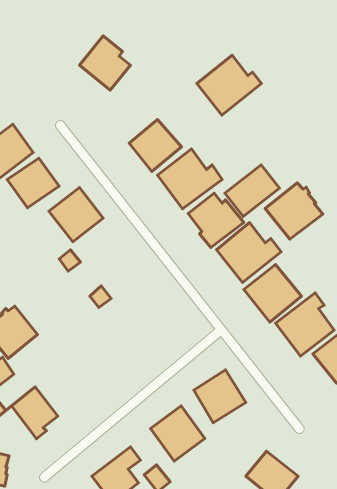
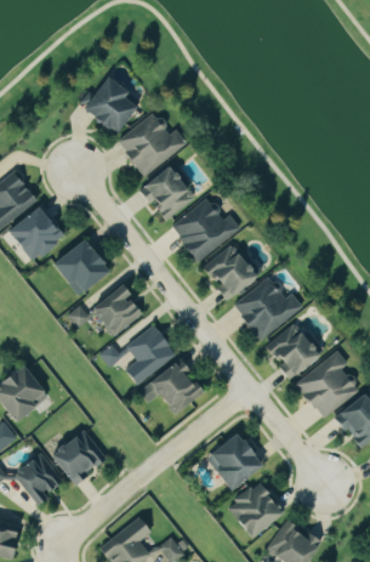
building: [197,55,262,115] -> [116,112,186,176]
building: [225,165,280,217] -> none
building: [265,183,323,239] -> none
building: none -> [92,283,142,335]
building: none -> [123,324,176,385]
building: none -> [140,363,200,411]
building: none -> [53,431,107,484]
building: [150,406,205,461] -> [227,479,285,539]

